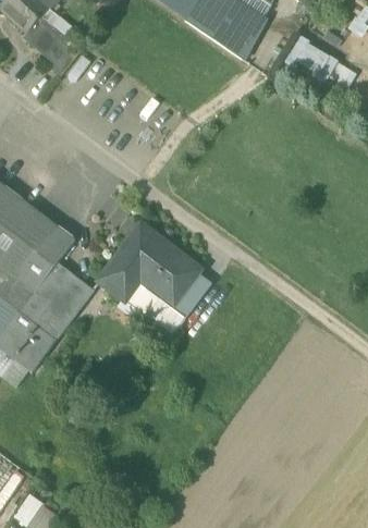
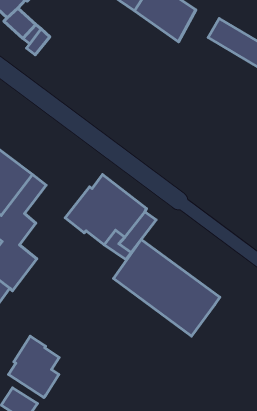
building: [39,260,93,330] -> none
building: none -> [114,240,220,336]
building: none -> [8,336,59,397]

